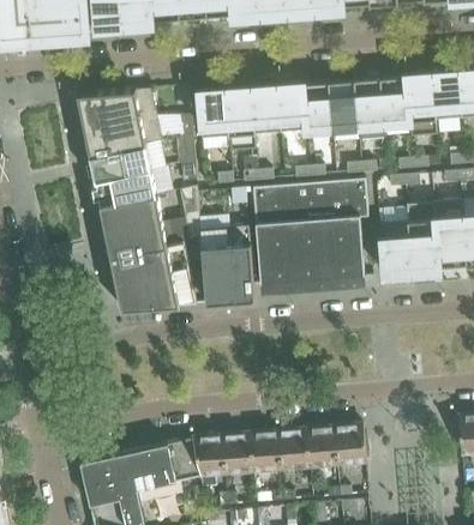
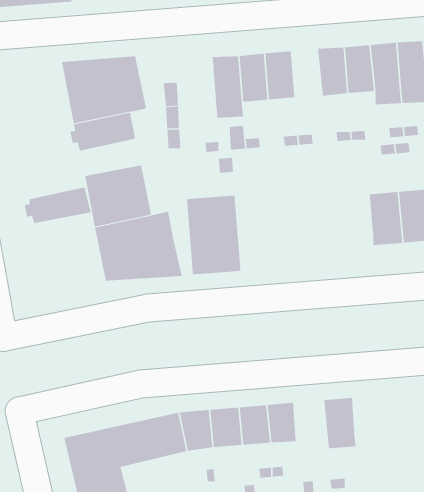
building: [302,82,332,129] -> none
building: [197,90,228,138] -> none
building: [90,170,156,206] -> [24,187,91,224]
building: [252,179,367,284] -> none
building: [305,426,338,478] -> none

